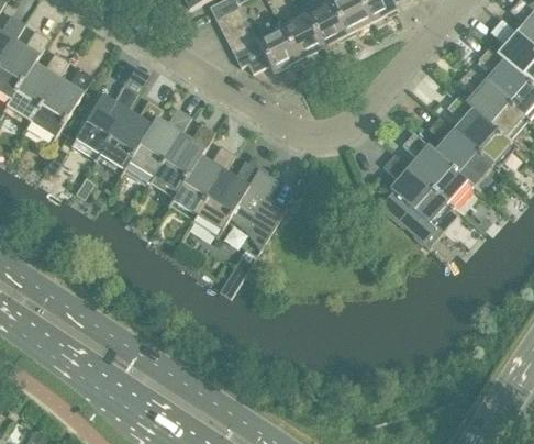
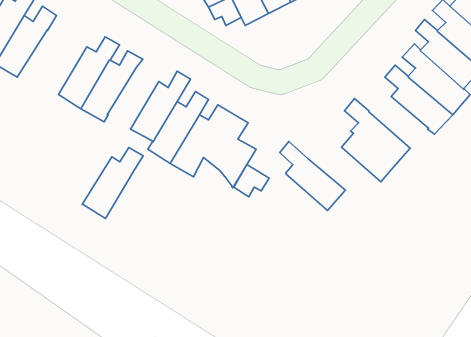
building: [27,64,94,142] -> none
building: [125,106,191,182] -> [82,148,143,219]
building: [402,129,474,203] -> [280,141,346,210]
building: none -> [234,165,269,197]

